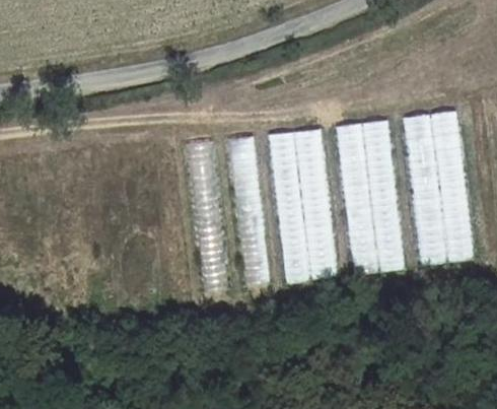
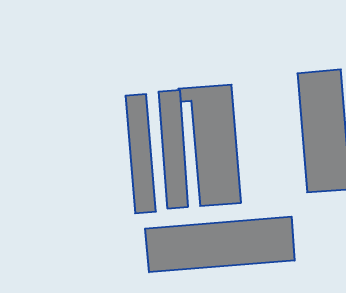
building: [338,120,404,276] -> none
building: none -> [145,217,295,272]

